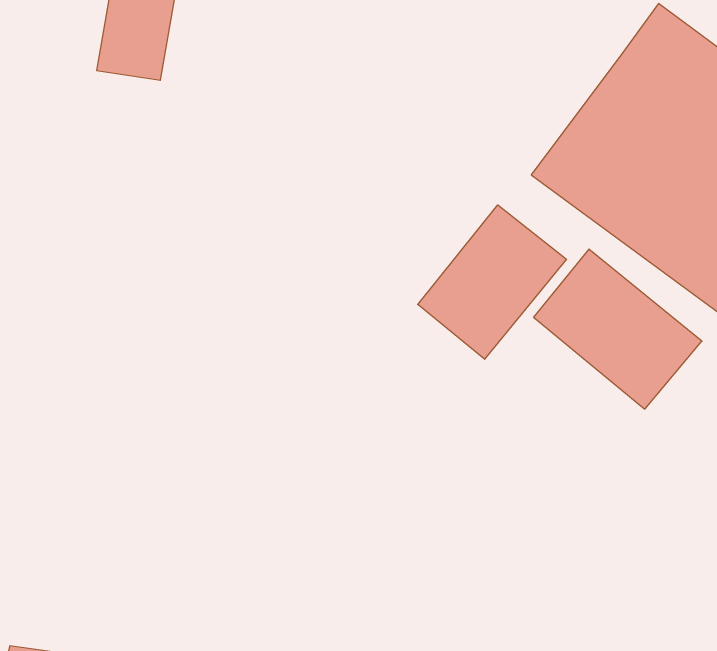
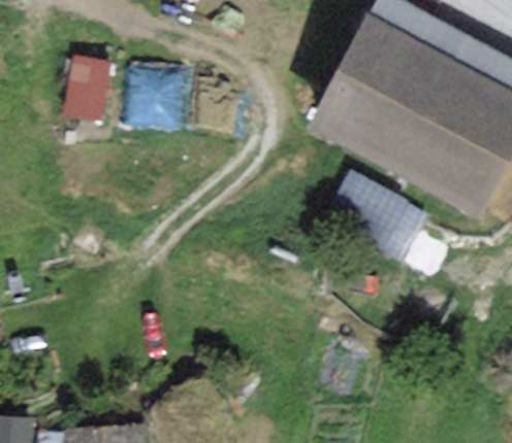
building: [418,205,566,359] -> none

